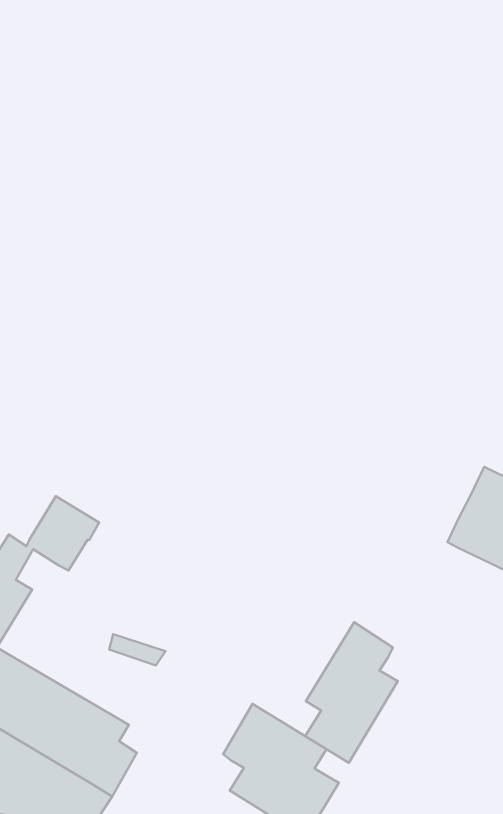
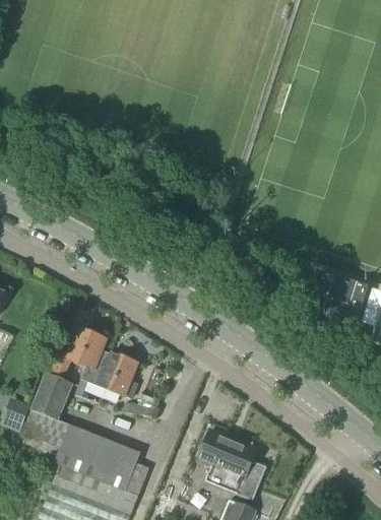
building: none -> [81,348,138,396]
building: [305,622,398,763] -> none

